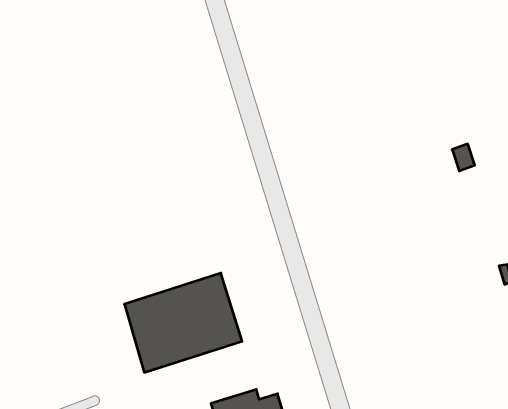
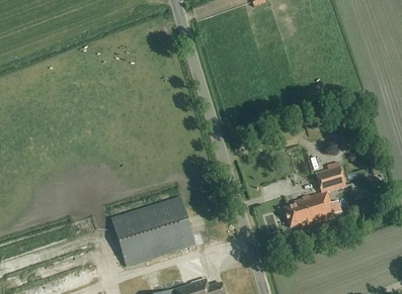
building: none -> [284,162,345,227]

